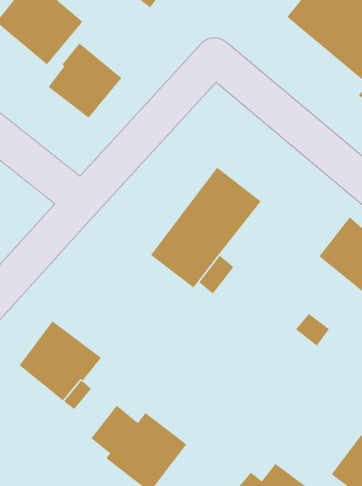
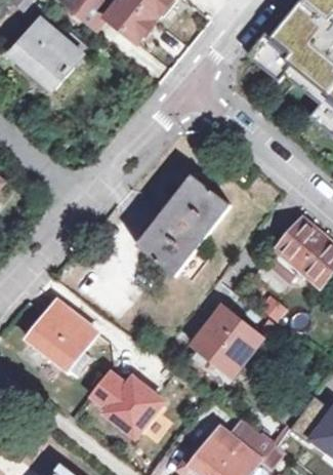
building: [48,42,122,118] -> none
building: none -> [191,307,260,375]

